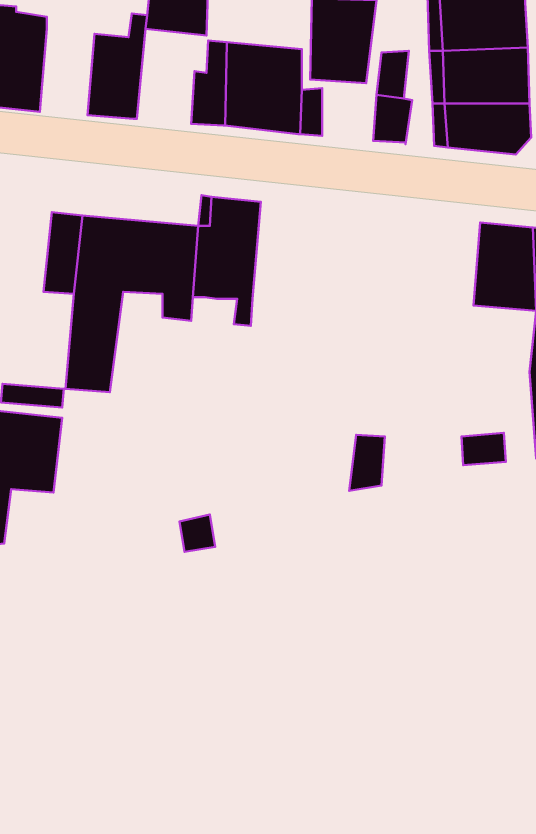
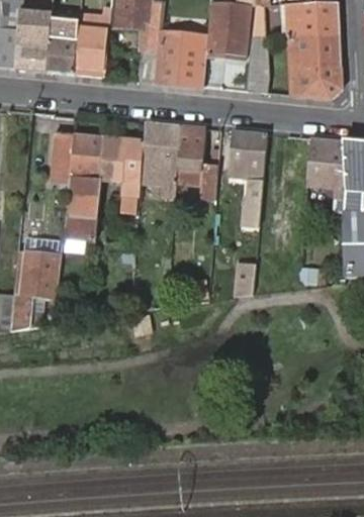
building: none -> [50,22,82,74]
building: none -> [176,125,217,185]
building: none -> [226,129,267,222]

